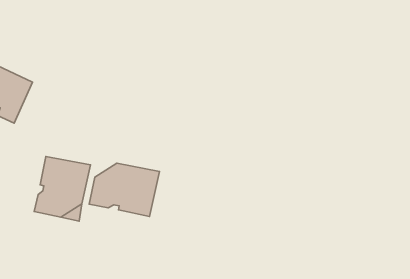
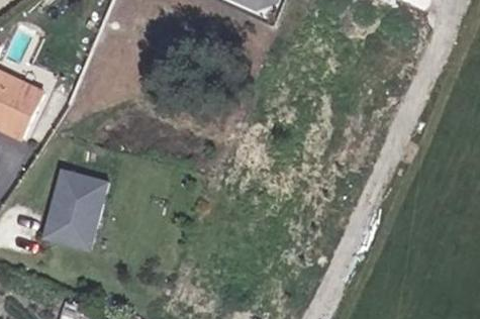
building: [89,163,160,217] -> none

